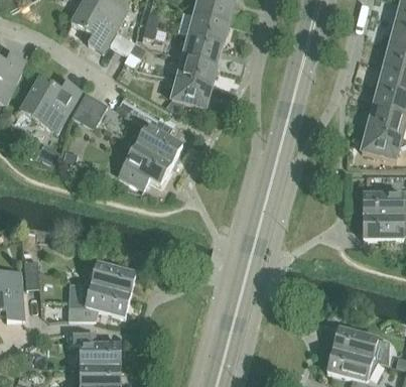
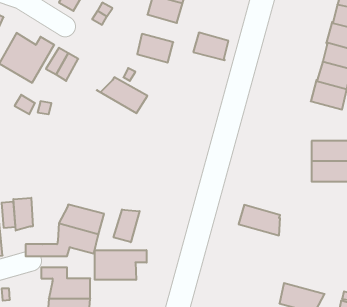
building: [177,55,216,86] -> [193,33,228,60]
building: [119,138,171,187] -> none
building: none -> [13,198,33,231]
building: none -> [114,209,140,242]
building: none -> [95,250,147,280]
building: [332,328,378,361] -> [239,205,280,235]

